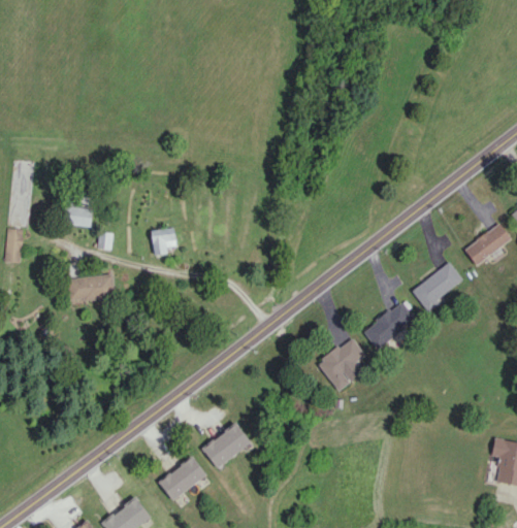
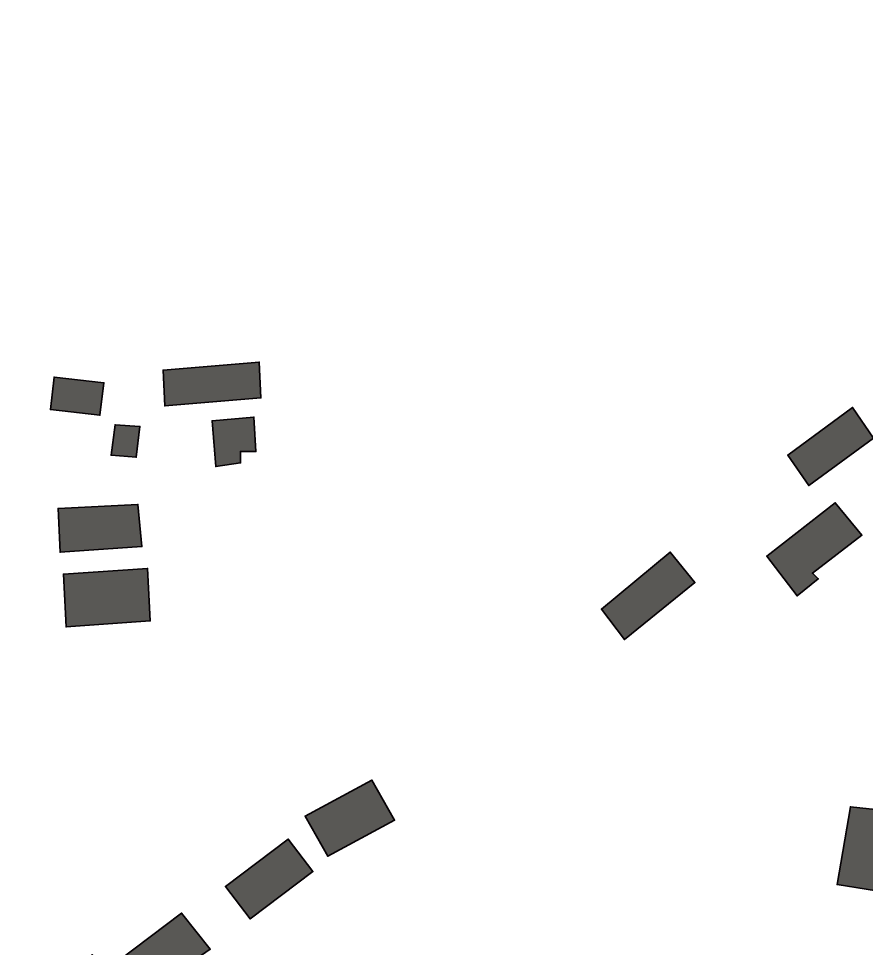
building: none -> [163,362,261,406]
building: [412,262,463,312] -> [767,503,862,596]
building: none -> [64,568,150,627]
building: [317,337,365,391] -> none

